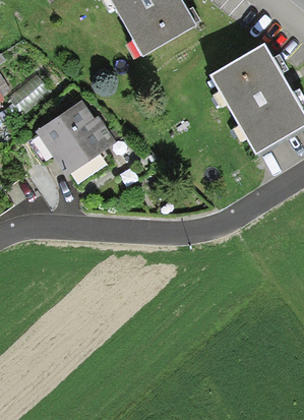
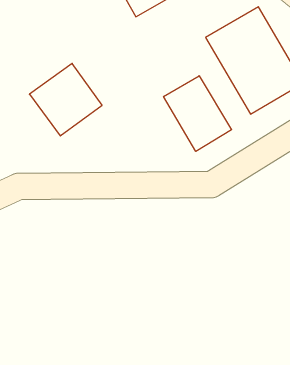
building: none -> [164,76,232,151]

